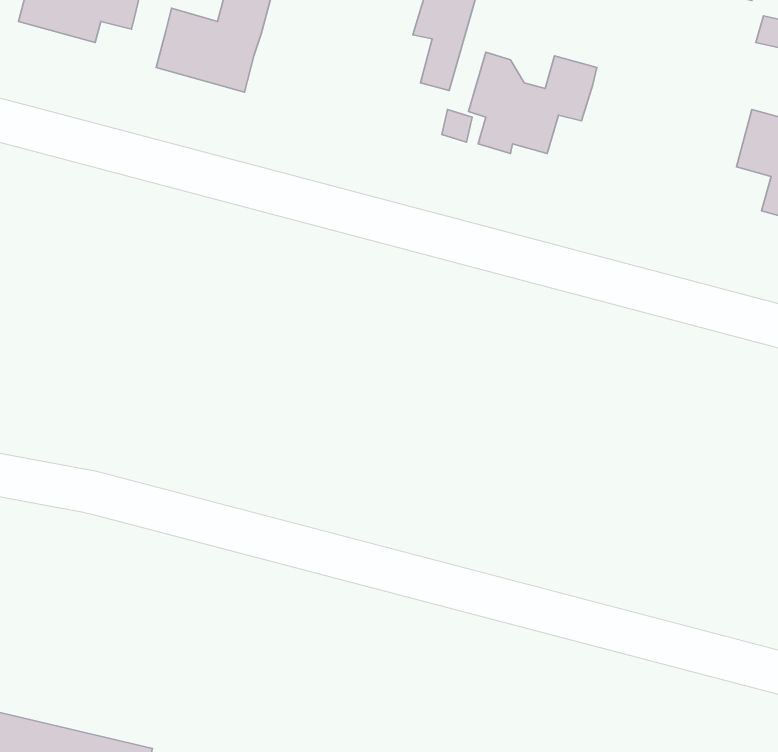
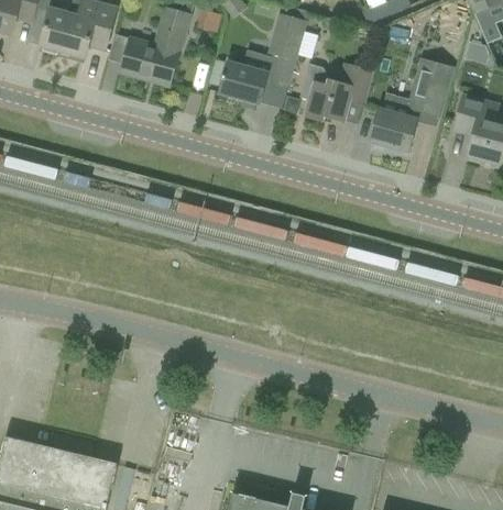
building: none -> [219,51,278,104]
building: none -> [370,59,452,152]

